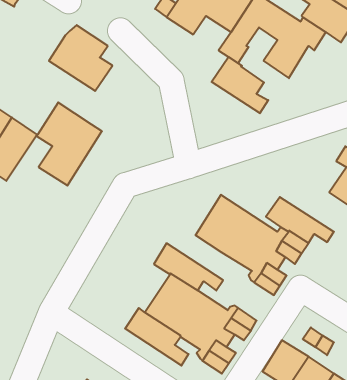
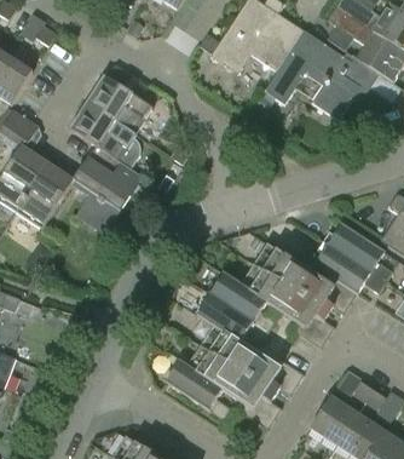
building: [212,57,268,113] -> none
building: none -> [69,102,140,168]
building: none -> [328,224,391,281]
building: none -> [209,274,276,332]

